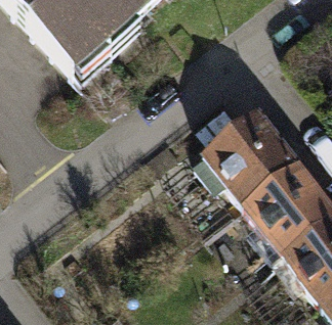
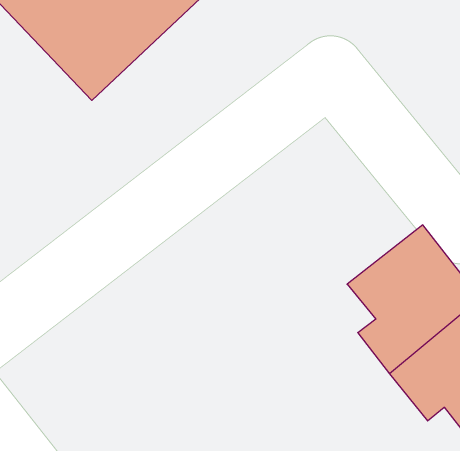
building: [192,111,296,202] -> none

